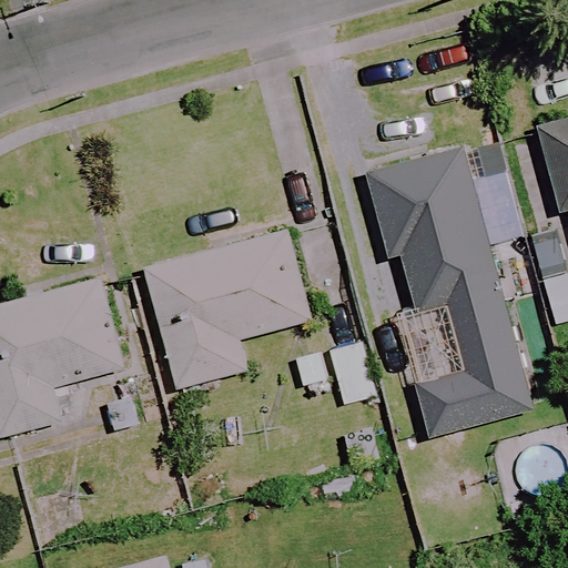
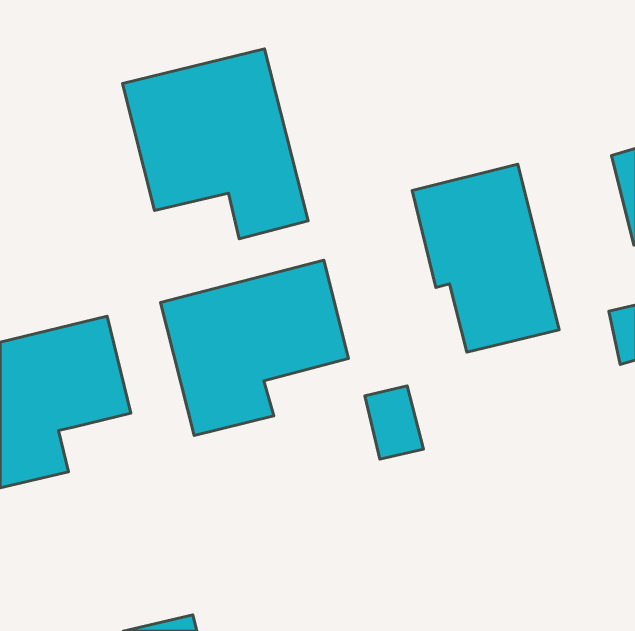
building: none -> [122,49,308,239]
building: [409,294,528,436] -> none

